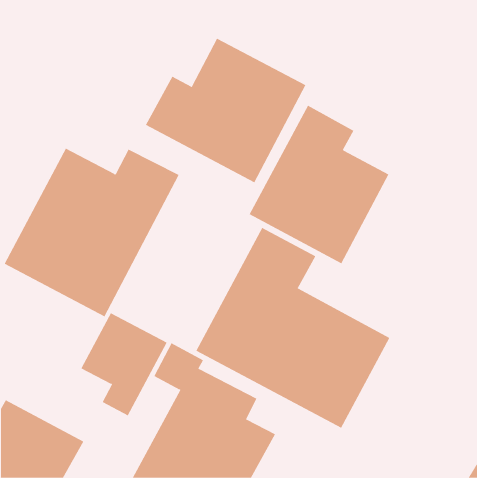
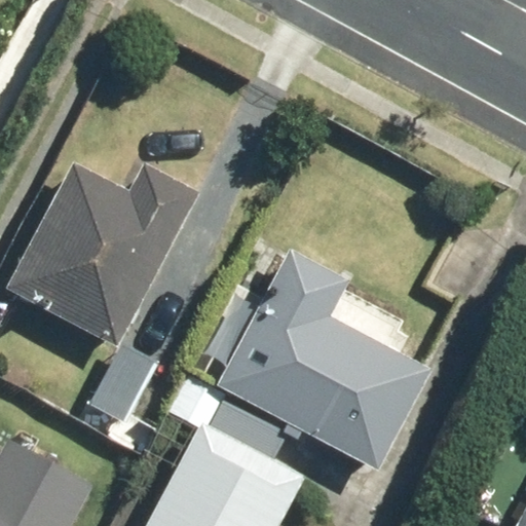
building: [145,38,306,183] -> none
building: [249,105,389,264] -> none

